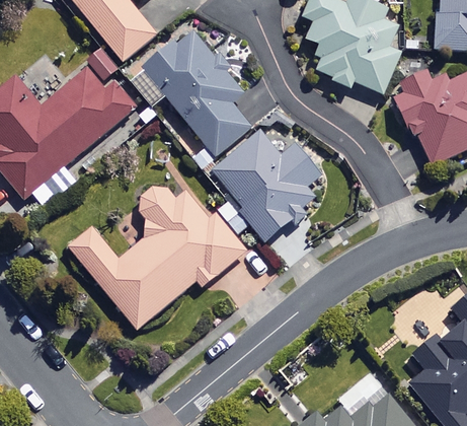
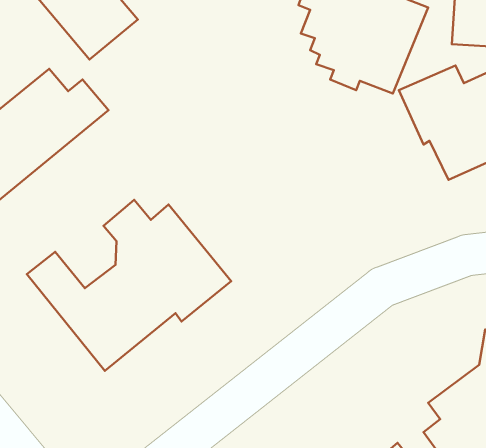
building: [132,27,249,155] -> none
building: [212,131,320,237] -> none

